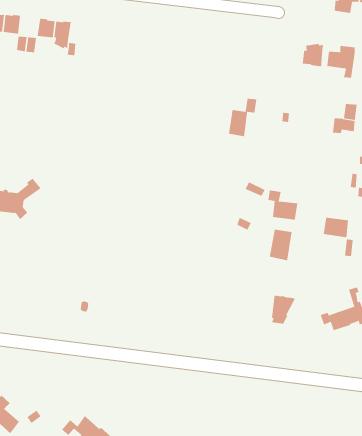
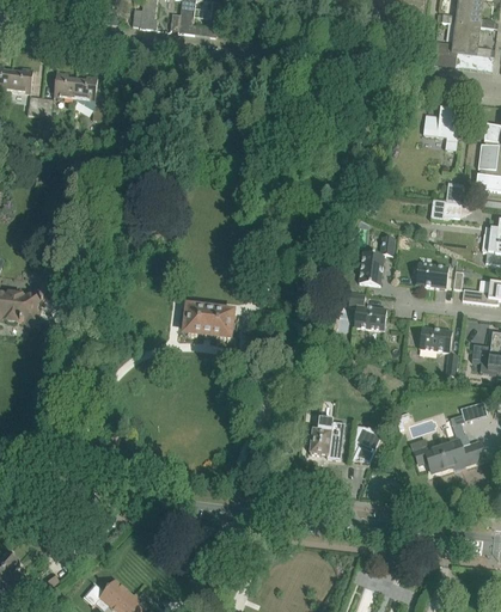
building: [302,43,323,67] -> none
building: [228,98,257,137] -> [359,235,396,284]
building: none -> [416,262,448,287]
building: none -> [185,305,237,337]
building: [269,229,292,261] -> none
building: none -> [310,417,346,458]

